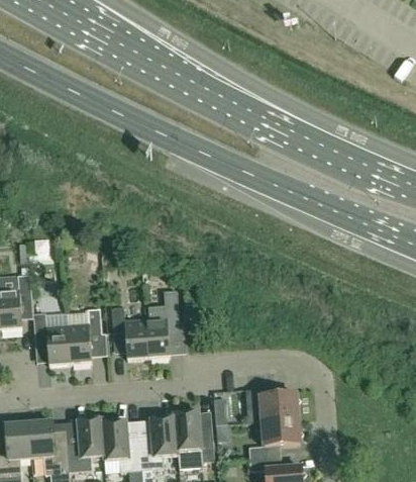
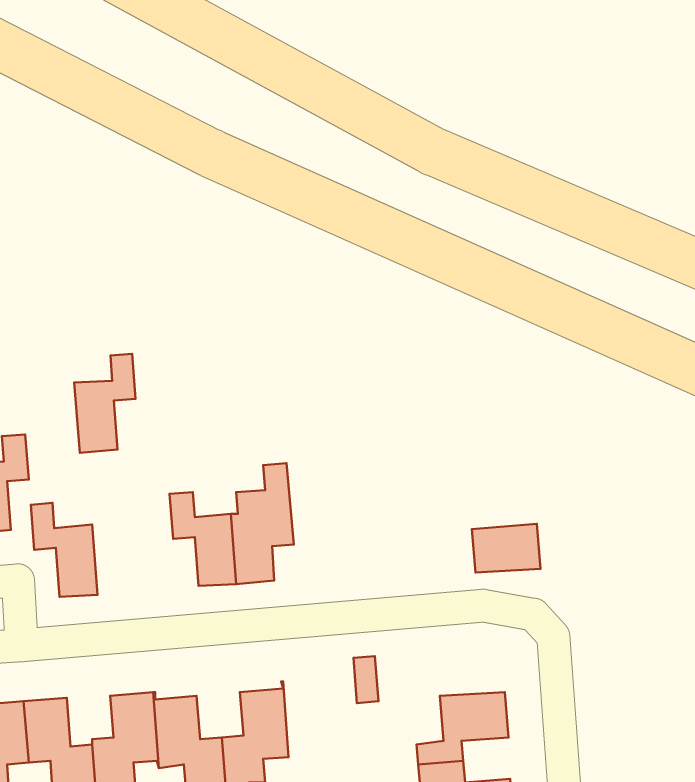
building: [67,307,101,363] -> [74,354,136,453]
building: [259,392,298,419] -> [472,524,540,573]
building: [174,409,214,461] -> none

